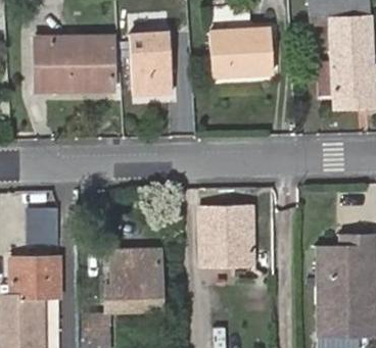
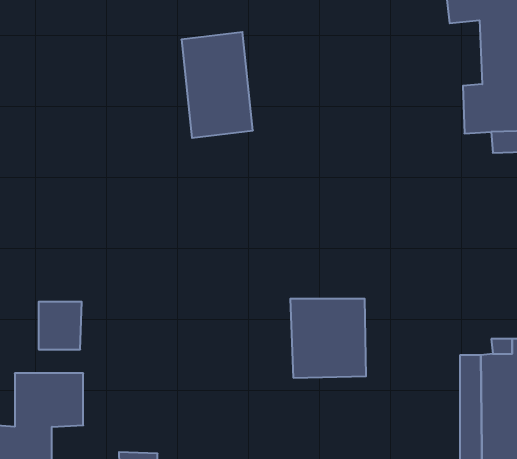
building: [210,27,275,74] -> none
building: [33,36,115,90] -> none
building: [108,252,159,308] -> none

